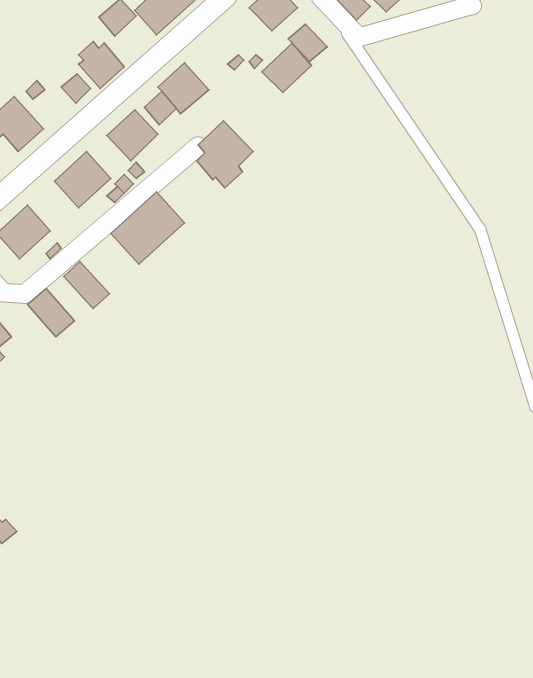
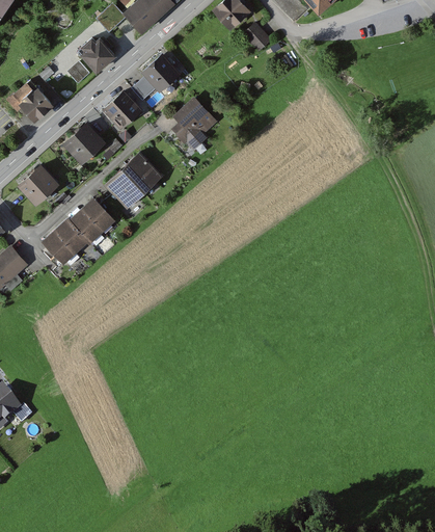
building: [262,43,311,92] -> none
building: none -> [82,195,116,231]
building: none -> [56,216,90,251]

